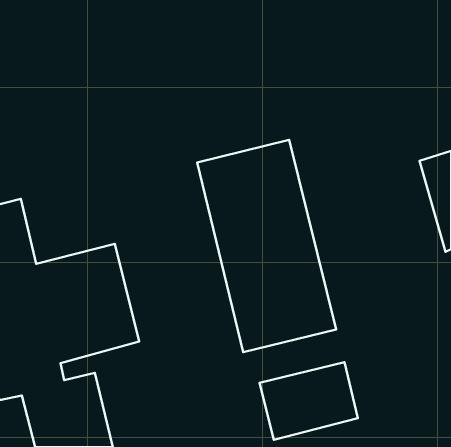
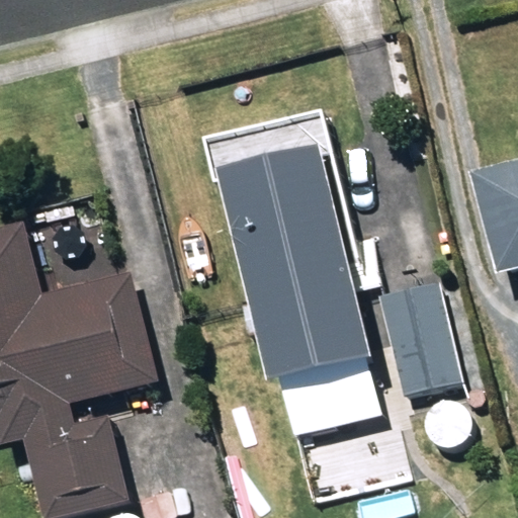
building: none -> [375,279,460,393]

